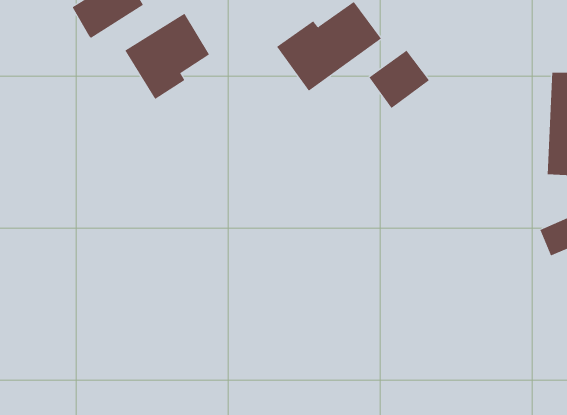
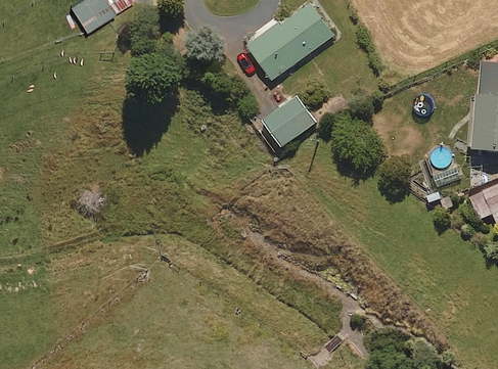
building: [124,13,210,100] -> none
building: [368,50,430,109] -> [263,96,315,146]

